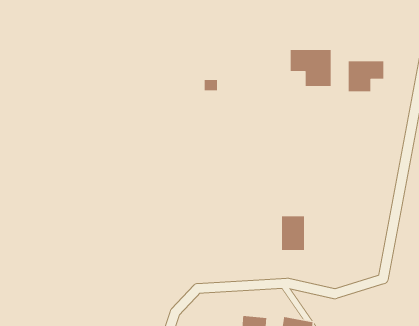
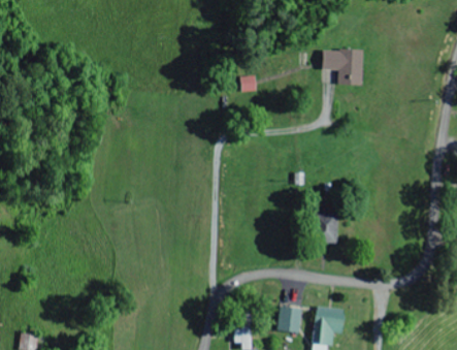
building: [348,61,384,92] -> none

